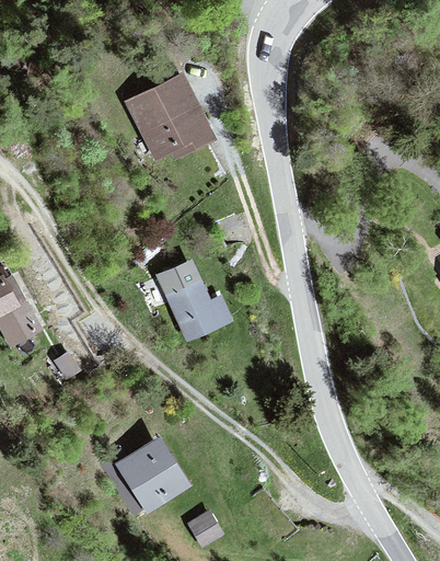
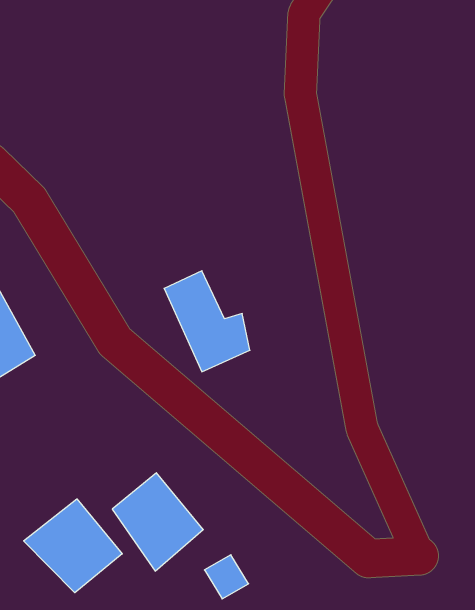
building: [121,71,207,171] -> none
building: none -> [24,499,122,593]

